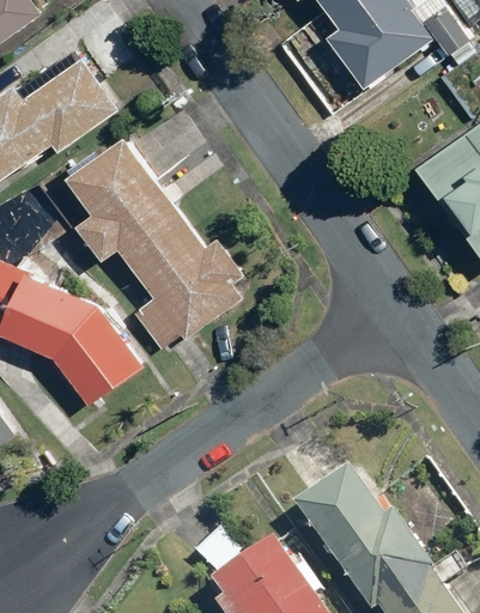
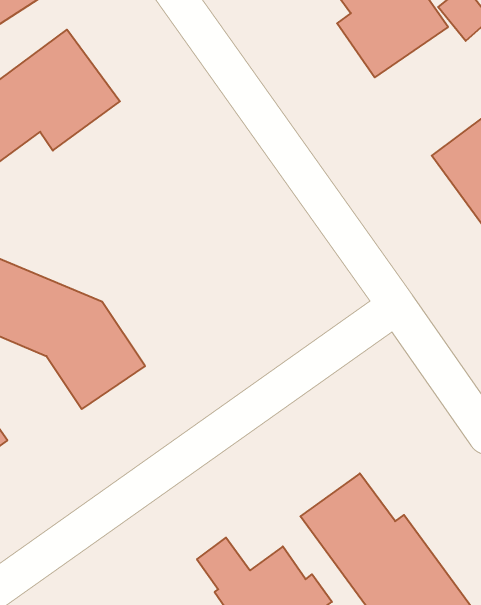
building: [67,135,253,354] -> none

